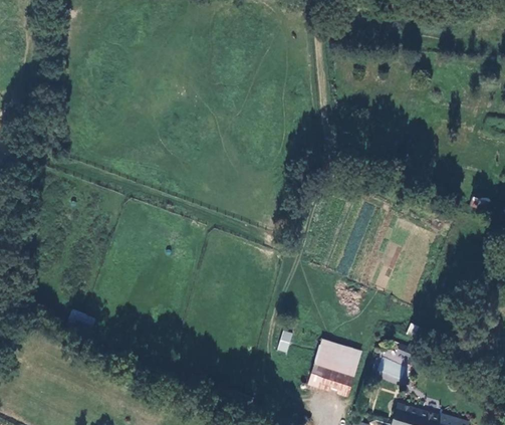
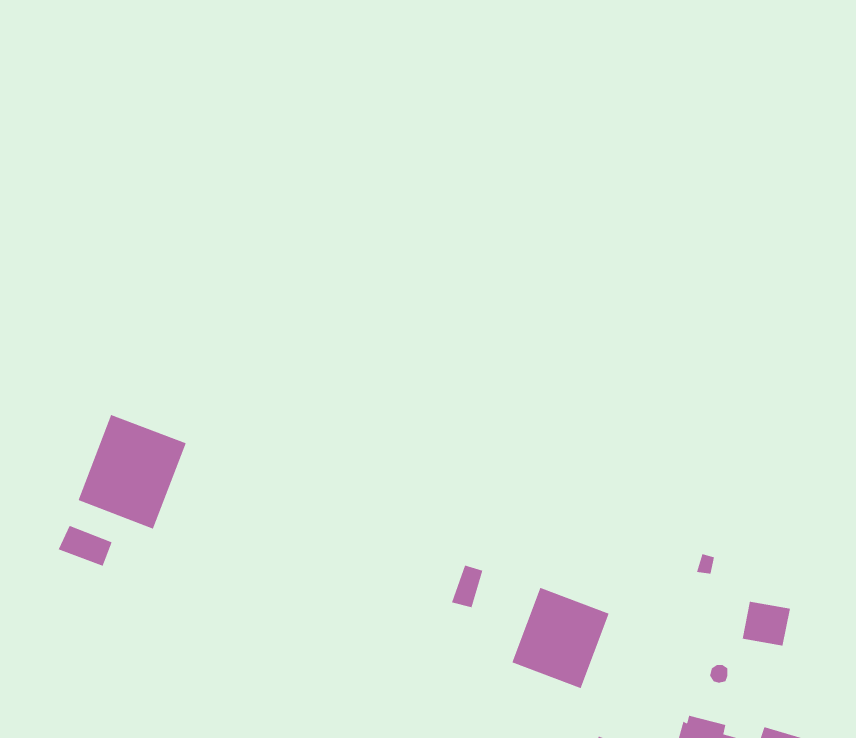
building: none -> [78,414,186,529]
building: [375,356,402,380] -> [742,601,791,646]

